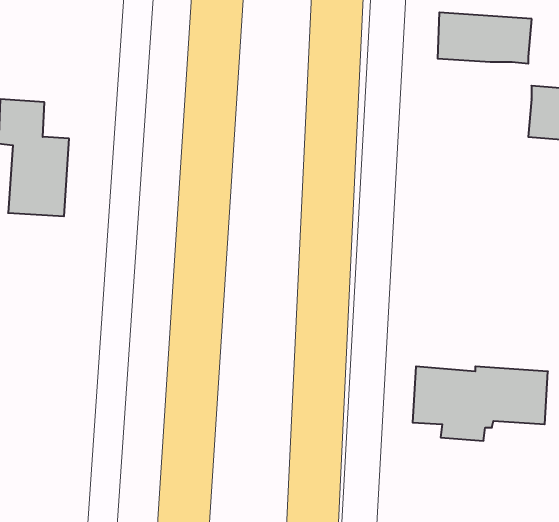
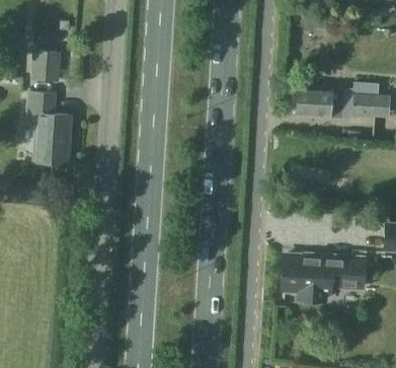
building: [438,12,532,64] -> [297,87,354,119]
building: none -> [33,53,58,80]

